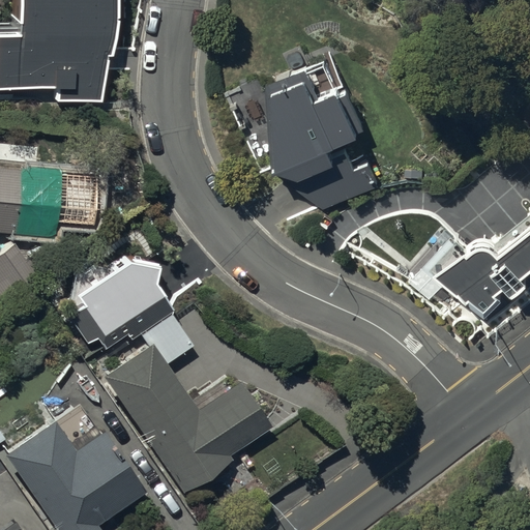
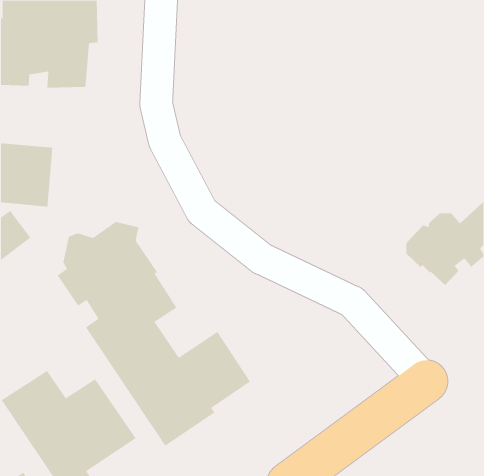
building: [266,81,382,216] -> none

